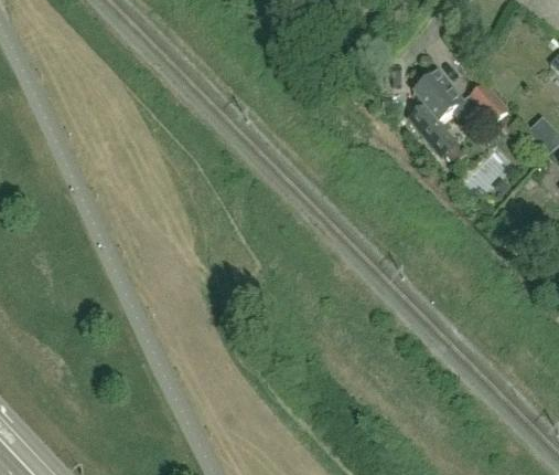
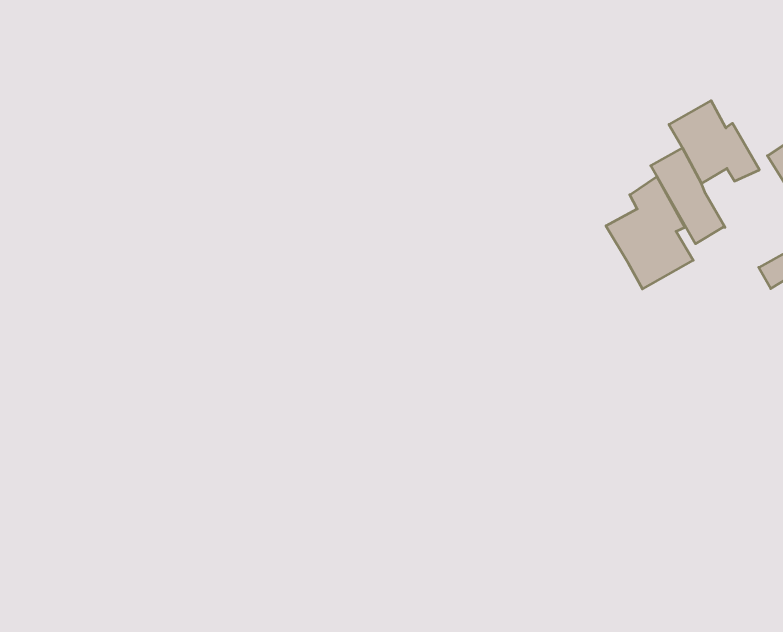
building: none -> [606,176,693,289]

